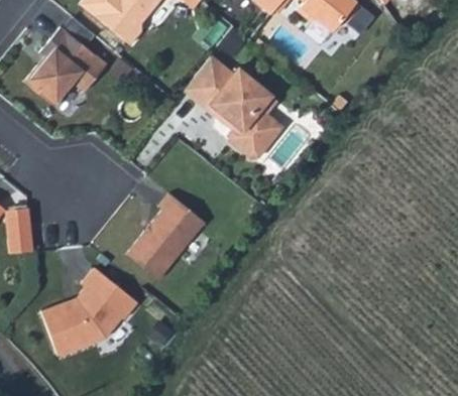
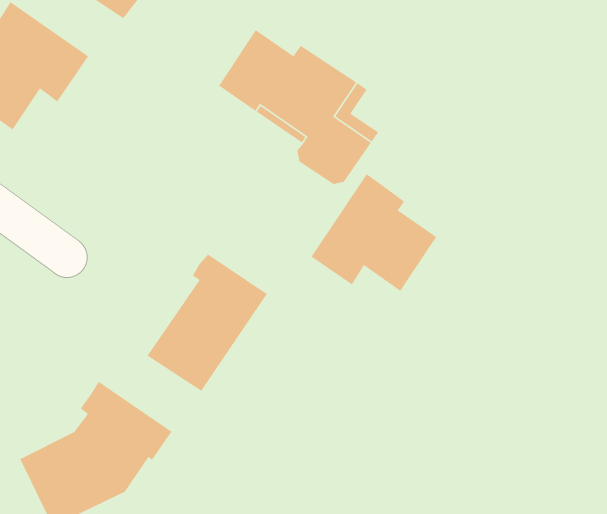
building: none -> [310,173,437,292]

